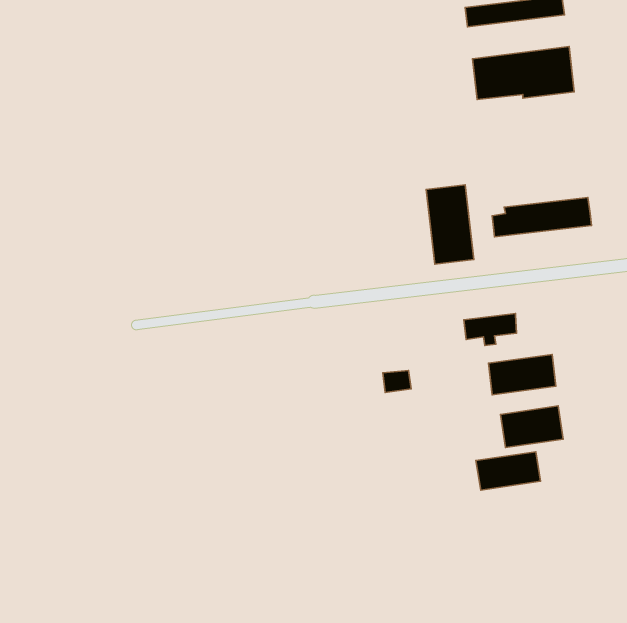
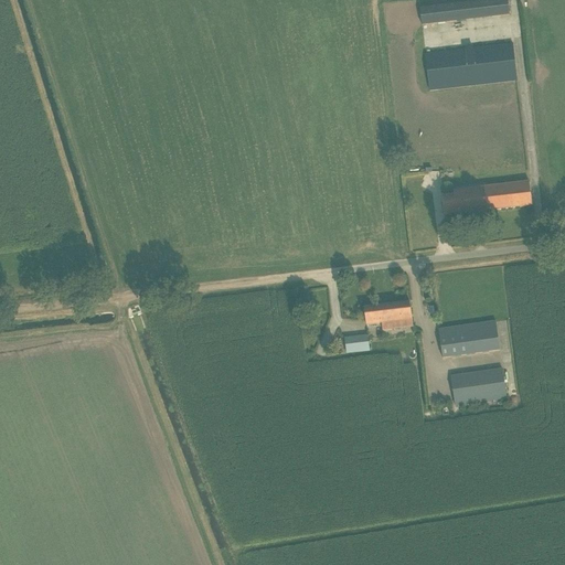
building: [426,185,474,264] -> none
building: [464,314,517,345] -> [364,299,412,328]
building: [476,452,541,490] -> none

